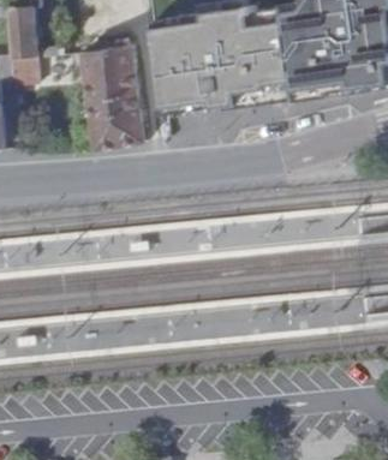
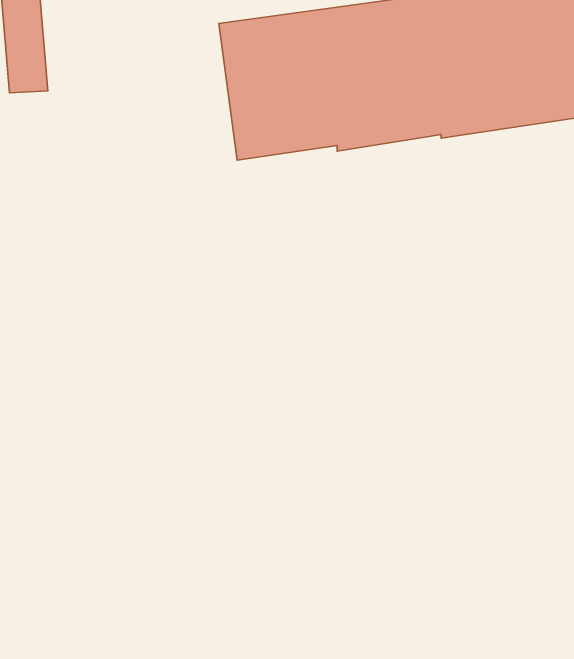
building: [78,43,143,145] -> none

